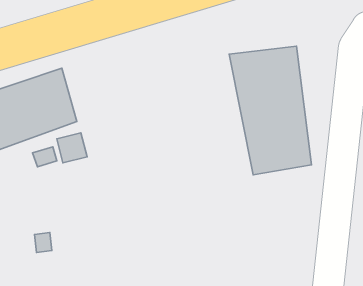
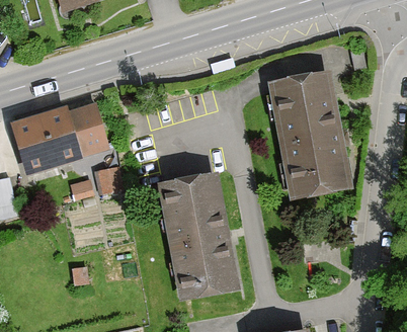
building: none -> [155,170,242,302]

